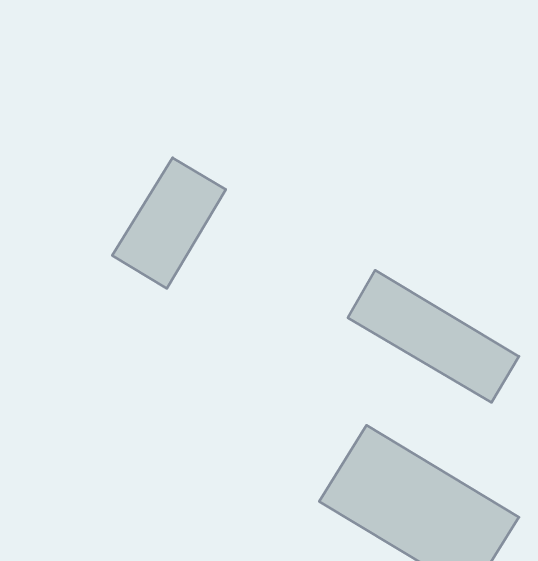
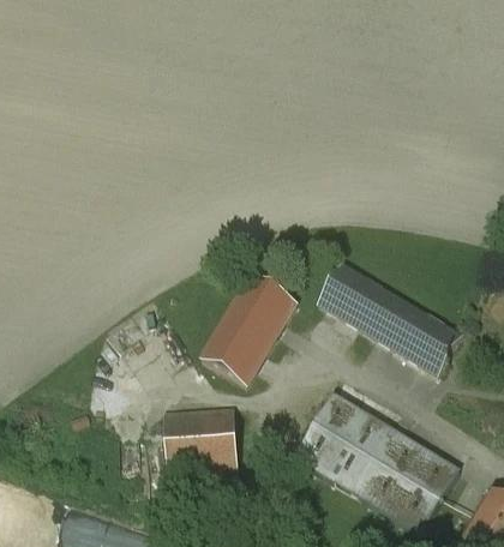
building: [112,158,226,288] -> [200,275,295,384]
building: none -> [164,408,238,486]

